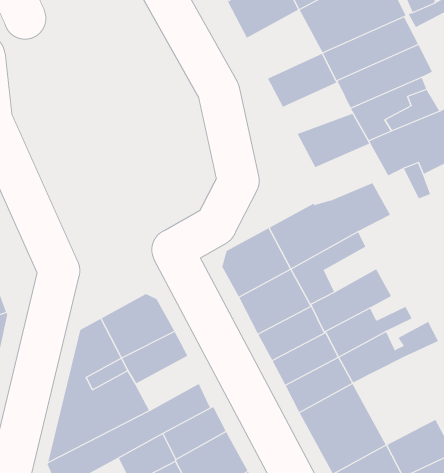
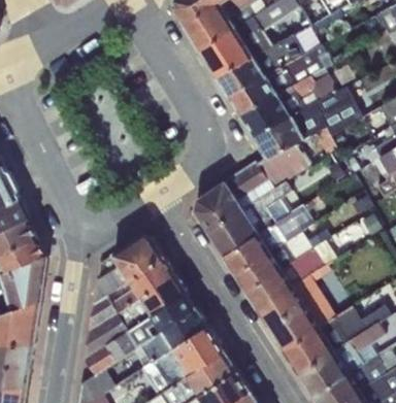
building: none -> [199,27,253,76]
building: none -> [228,75,277,113]
building: none -> [254,116,305,158]
building: none -> [140,274,187,314]
building: none -> [292,264,335,326]

